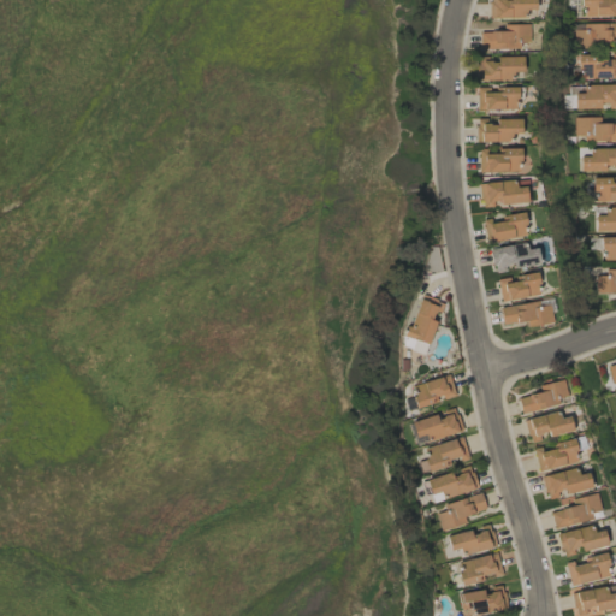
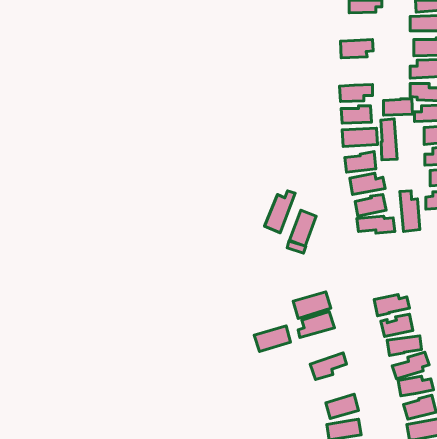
building: [482,25,533,51] -> none
building: [480,88,521,111] -> [383,99,413,115]
building: none -> [381,119,397,160]
building: none -> [265,191,295,233]
building: none -> [400,191,420,232]
building: [414,375,458,409] -> none
building: [521,380,571,413] -> none
building: [430,467,480,503] -> [254,326,290,352]
building: [450,525,498,556] -> none

